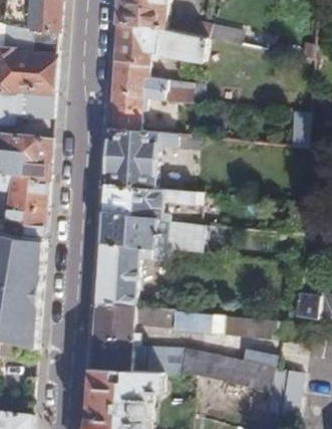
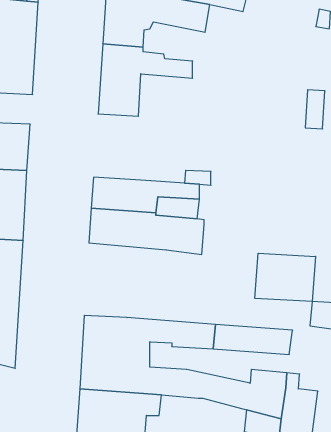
building: [104,129,187,187] -> none
building: [96,241,168,306] -> none
building: none -> [255,253,316,302]

